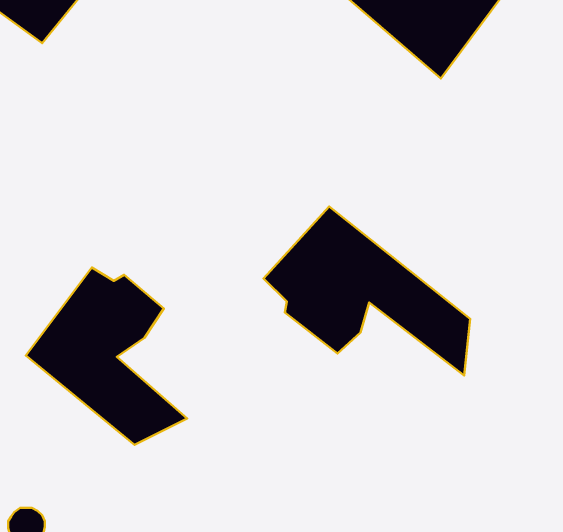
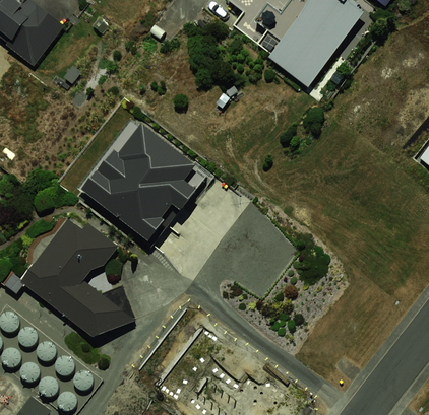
building: none -> [83,126,196,236]
building: [263,207,470,375] -> none

